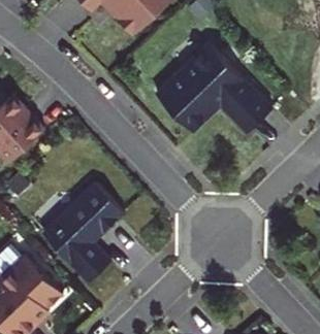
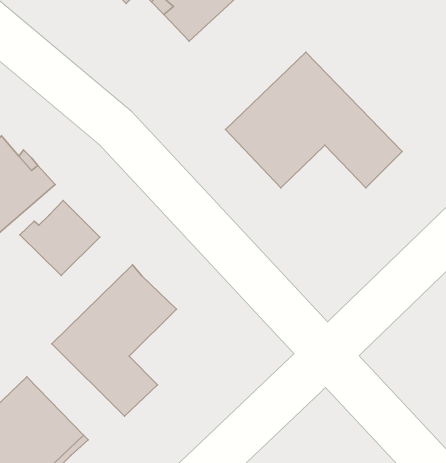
building: none -> [20,200,100,275]

